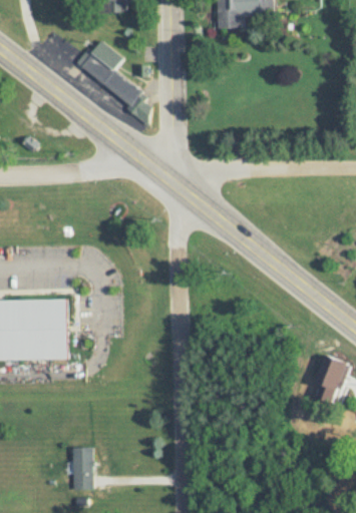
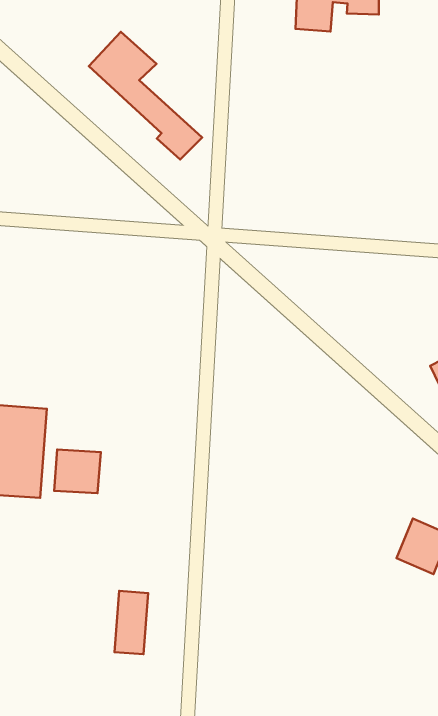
building: none -> [54,450,101,493]
building: [72,448,92,490] -> [114,591,148,654]

